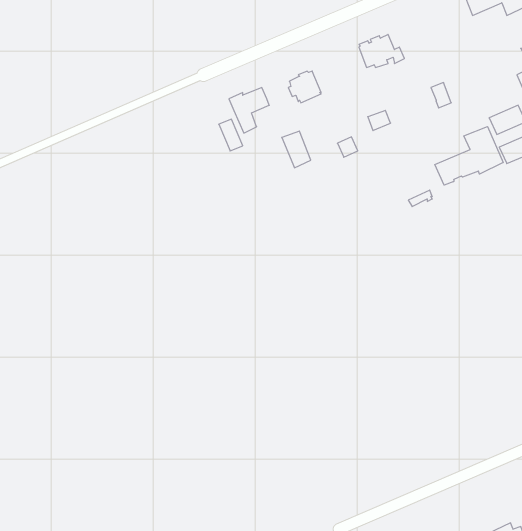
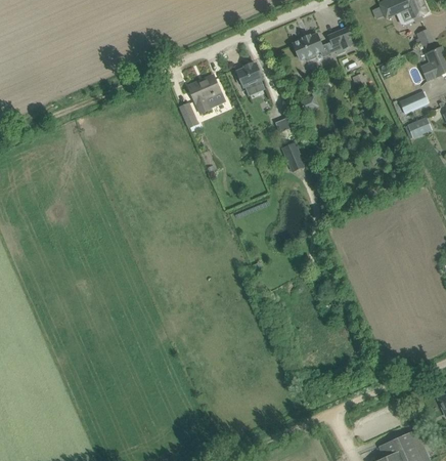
building: none -> [327,28,352,54]
building: [435,127,503,185] -> none
building: [282,131,311,168] -> [280,142,304,172]

